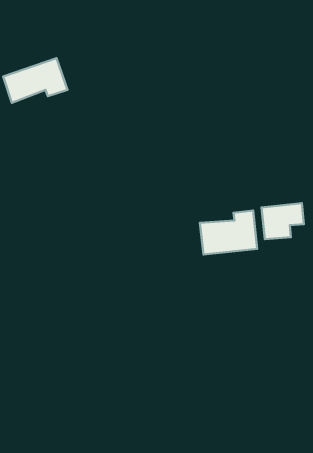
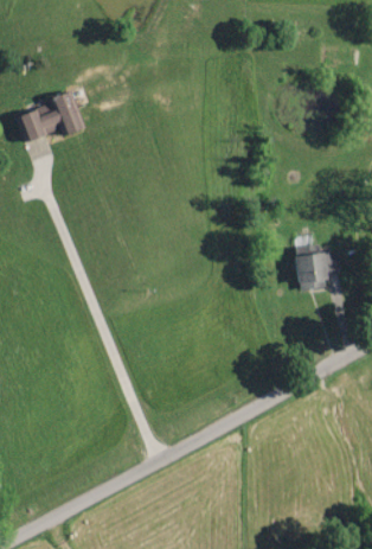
building: [200,210,257,254] -> none

